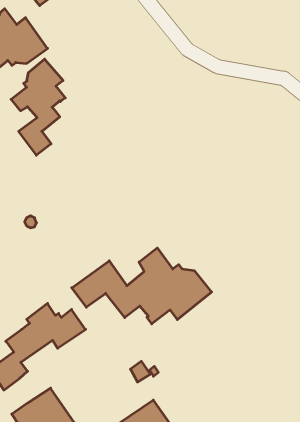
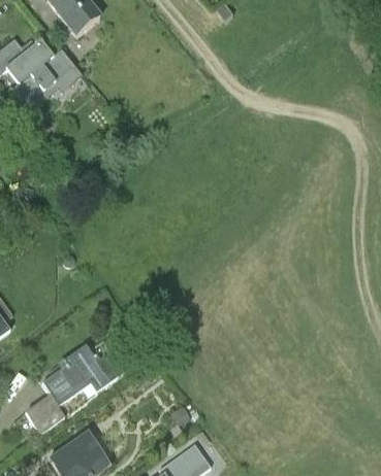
building: [11,59,65,155] -> none
building: [72,248,212,324] -> none

